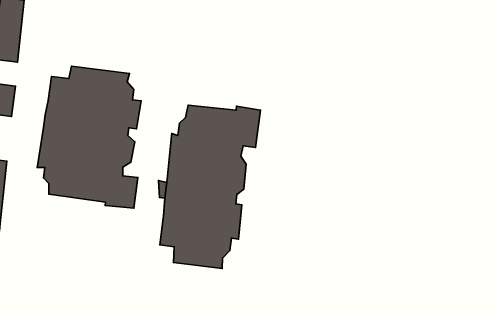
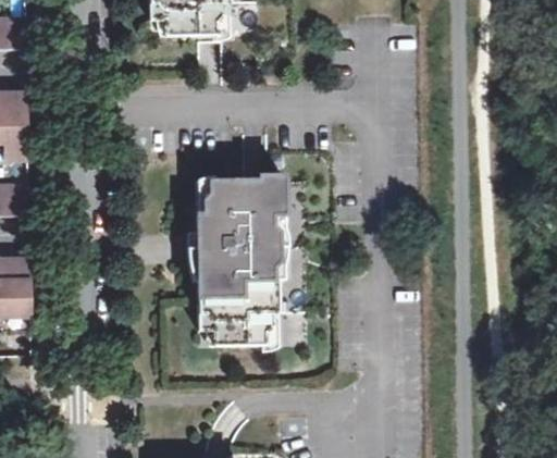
building: [37,66,141,208] -> none

